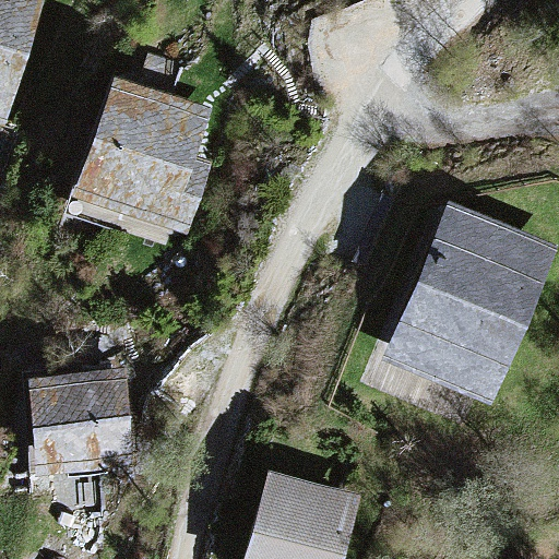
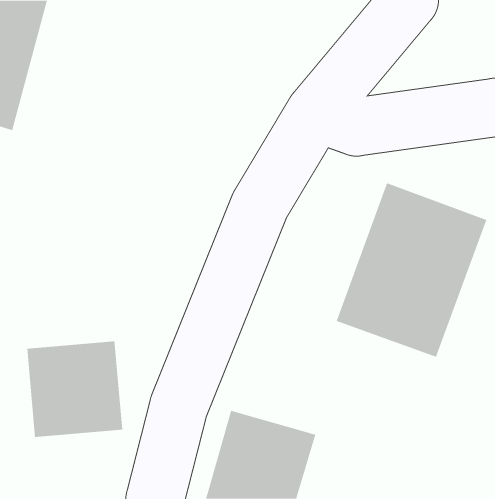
building: [76,82,226,240] -> none

